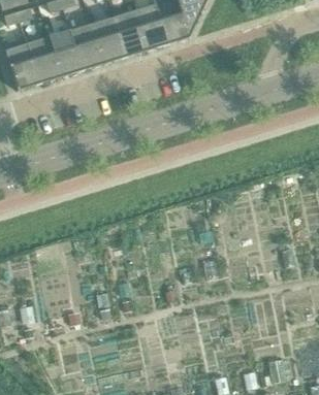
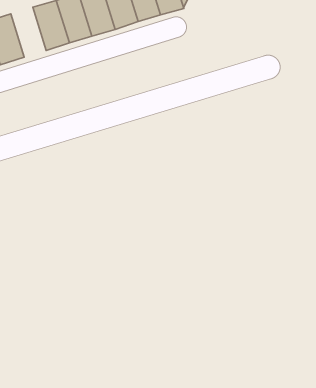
building: [26,36,59,83] -> none

